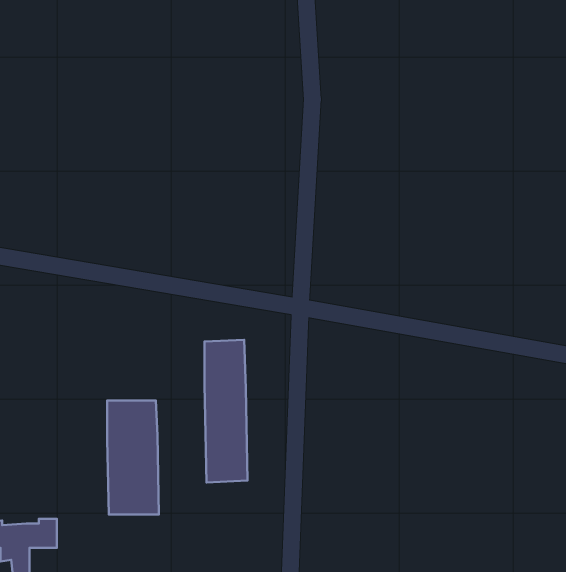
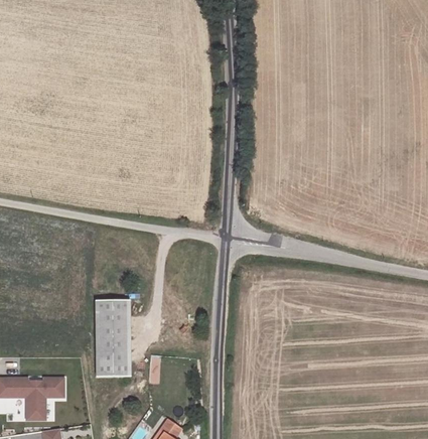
building: [204,340,247,482] -> none

